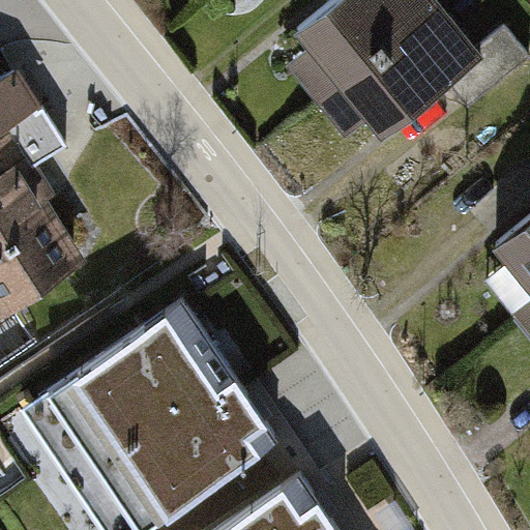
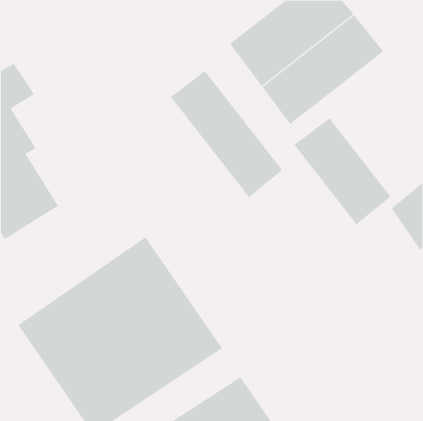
building: none -> [170,70,283,198]
building: none -> [294,117,391,225]

